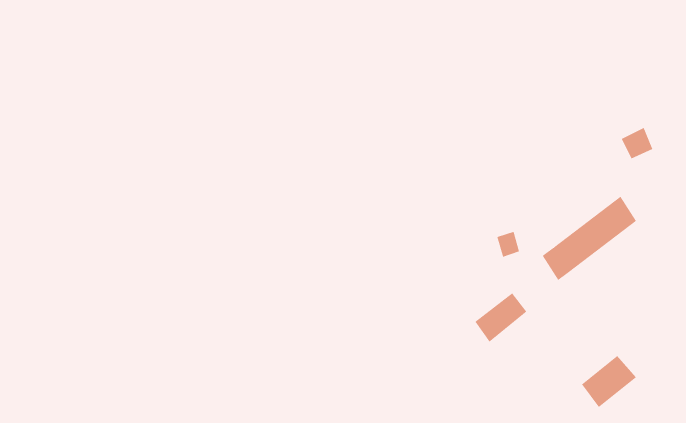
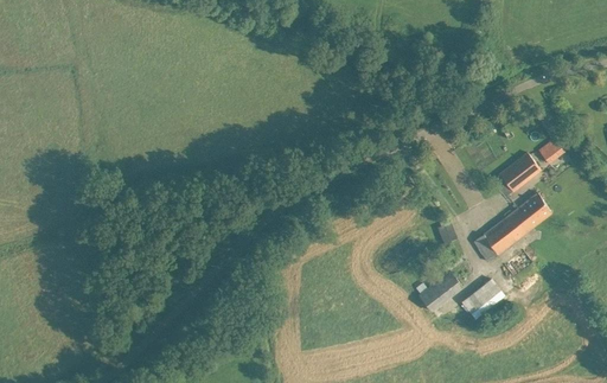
building: none -> [499,153,541,192]
building: [581,355,637,408] -> [461,277,506,320]

